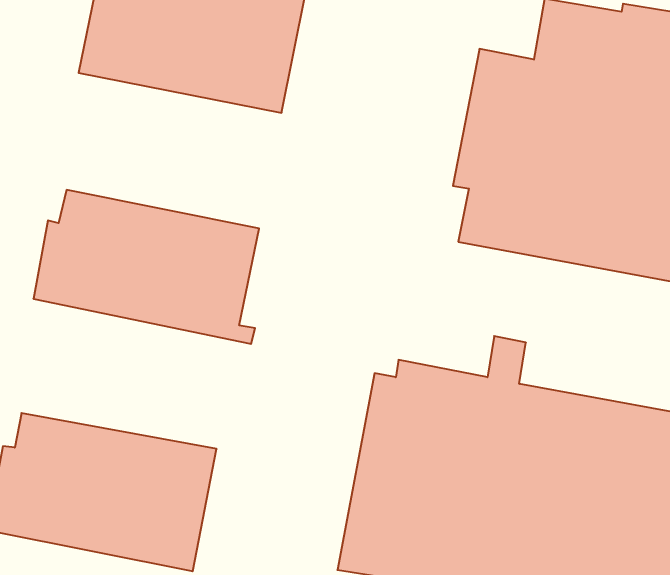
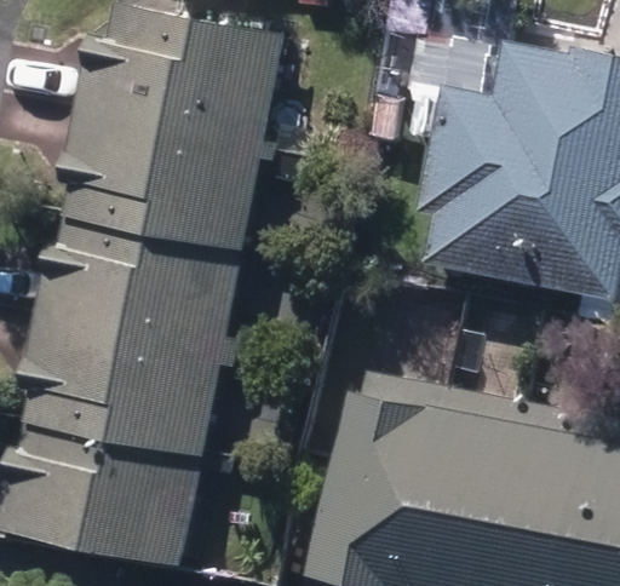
building: none -> [59,111,259,253]
building: none -> [18,317,231,454]

